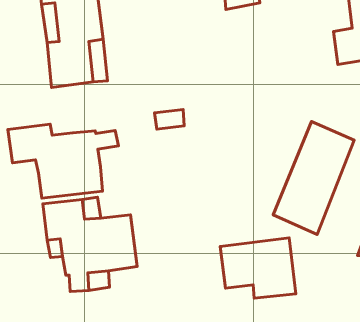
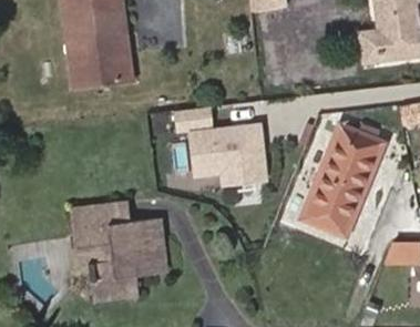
building: [8,124,118,198] -> none
building: [220,238,296,298] -> [188,124,265,185]

